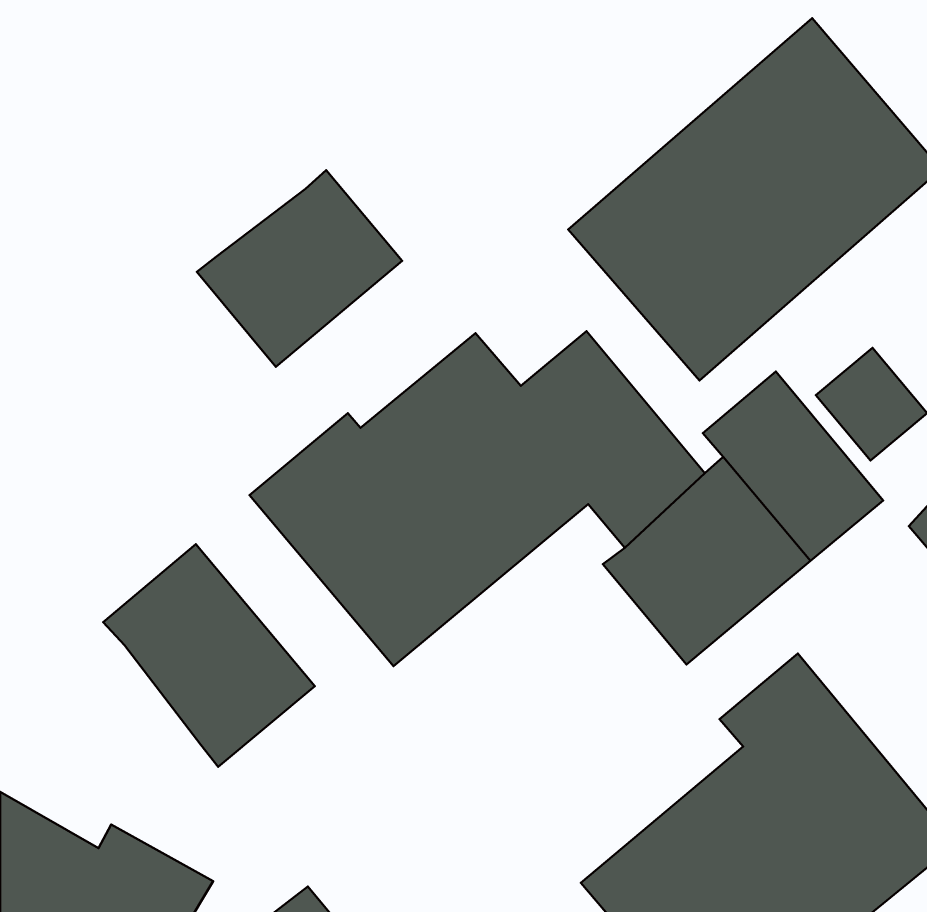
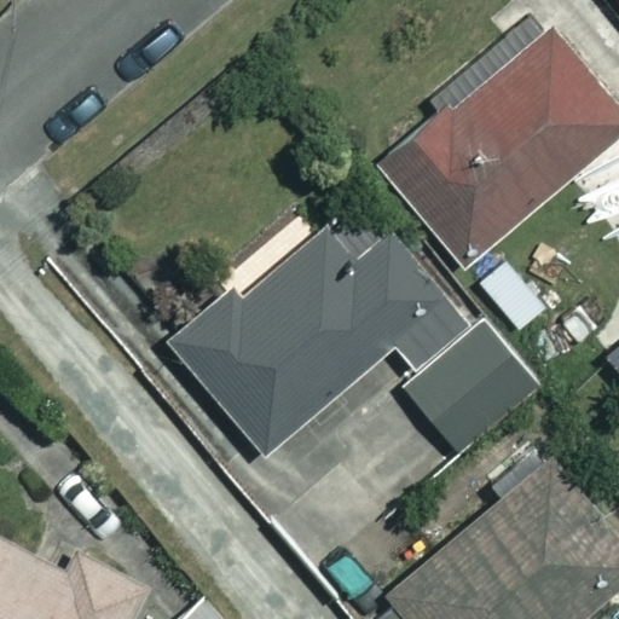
building: [197,170,402,367] -> none
building: [103,544,315,767] -> none

